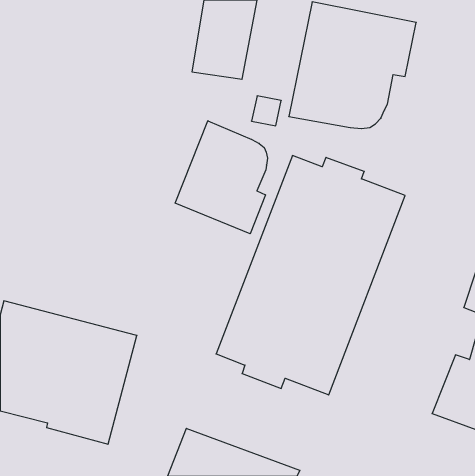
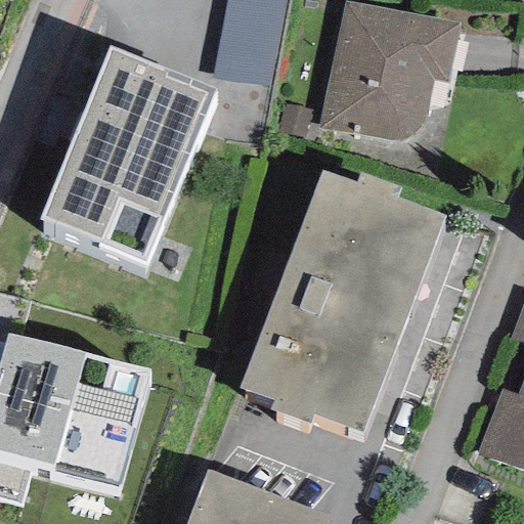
building: none -> [40,46,215,268]
building: [175,121,268,234] -> none

